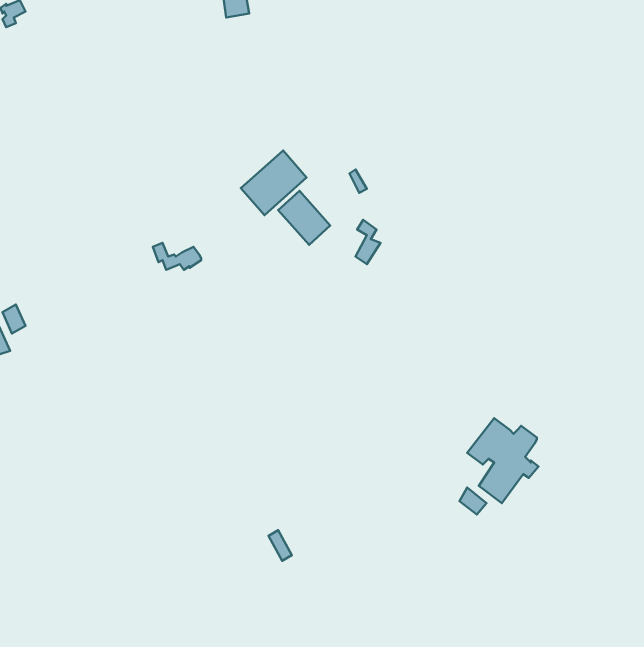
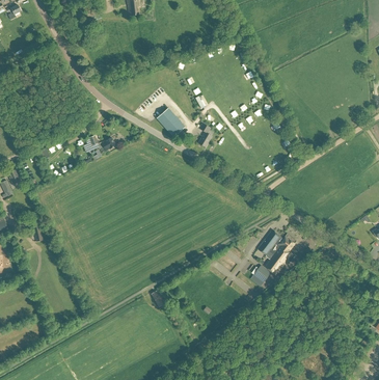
building: [241,151,307,215] -> none

